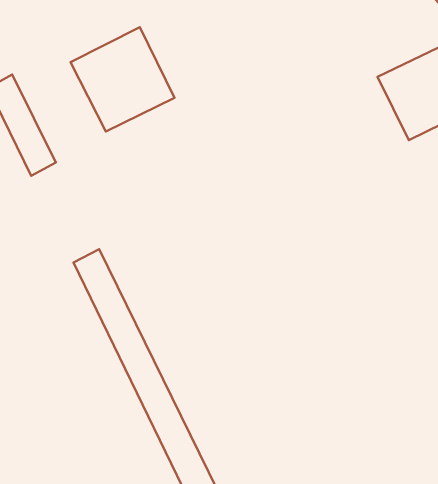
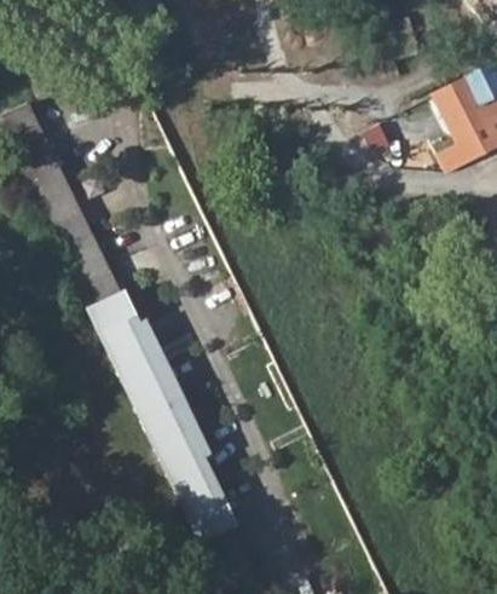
building: [70,27,175,132] -> none
building: none -> [44,191,117,300]

